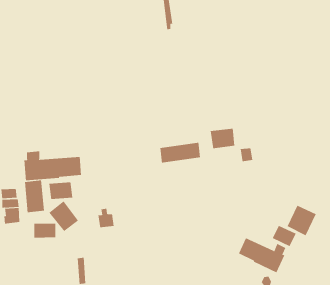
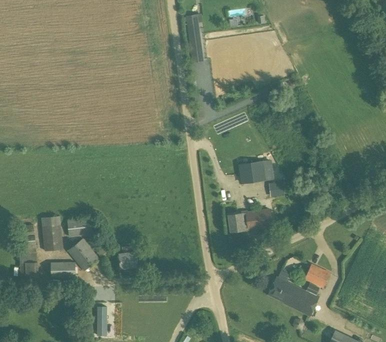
building: [159,142,201,163] -> [228,209,272,231]
building: [24,150,82,181] -> none
building: [287,205,316,236] -> none

